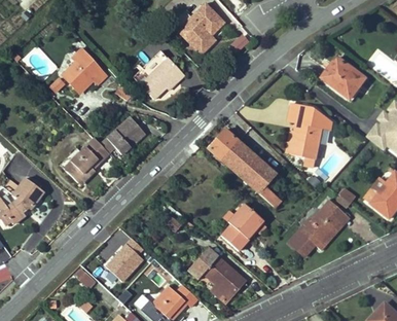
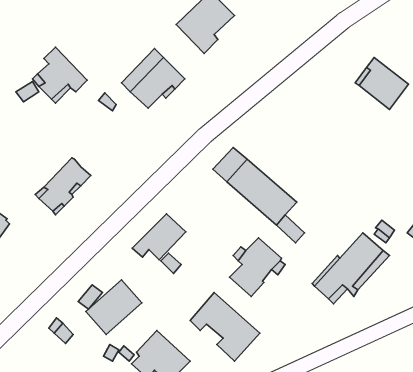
building: [288,100,332,167] -> none
building: [100,117,143,154] -> [132,214,186,260]

